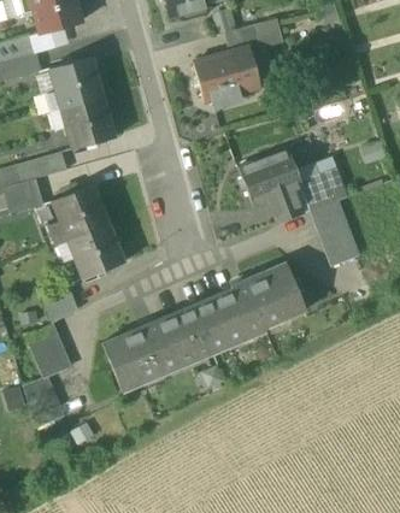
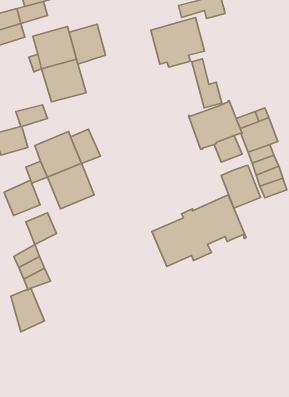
building: none -> [69,24,106,64]
building: none -> [192,59,222,108]
building: none -> [71,129,101,163]
building: none -> [221,165,261,208]
building: none -> [4,180,40,216]
building: [101,306,212,391] -> none

